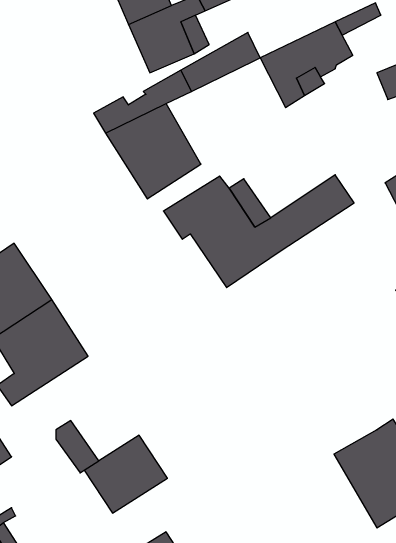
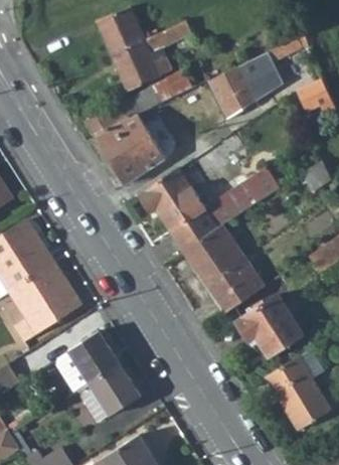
building: none -> [184,225,265,313]
building: none -> [236,296,302,357]
building: none -> [67,331,119,382]

